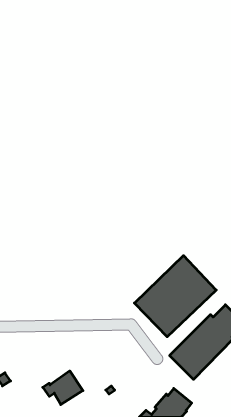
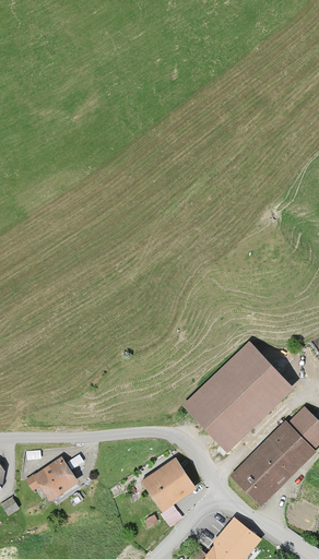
building: none -> [141,459,196,513]
building: [43,371,83,405] -> [24,457,78,502]

